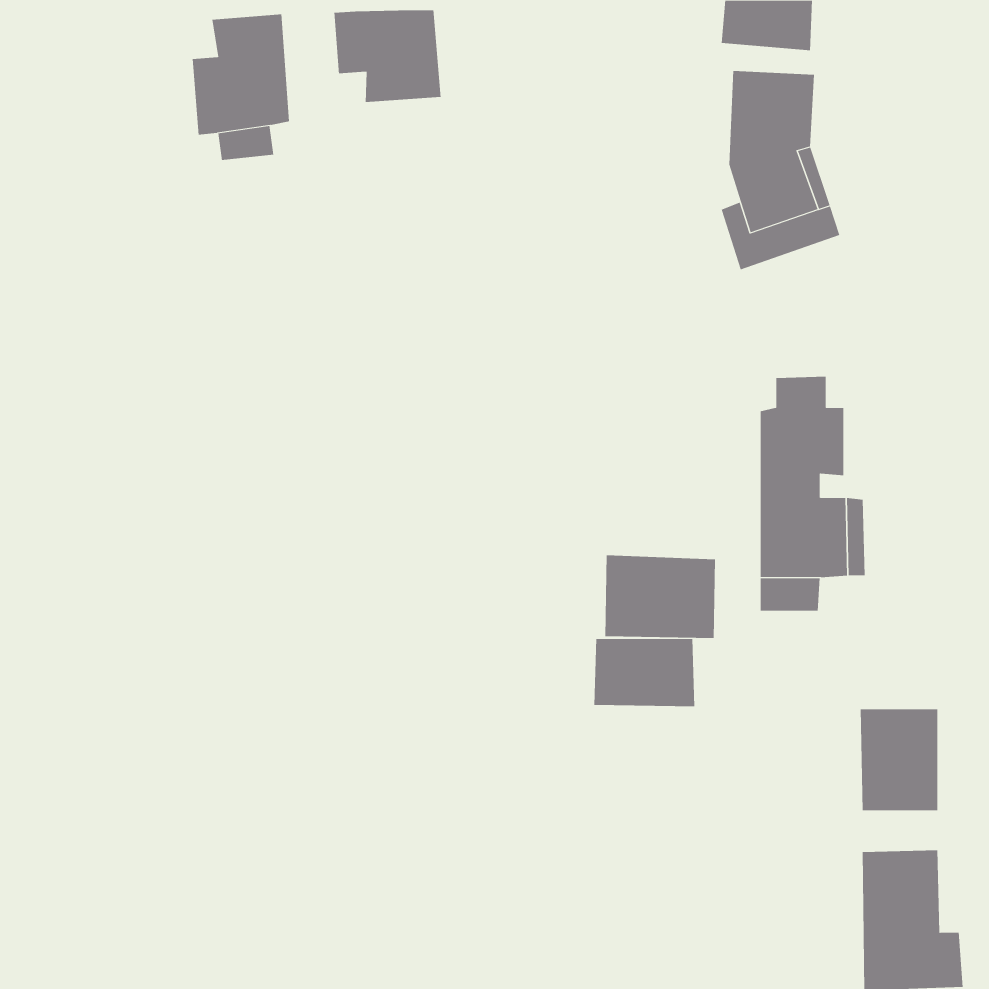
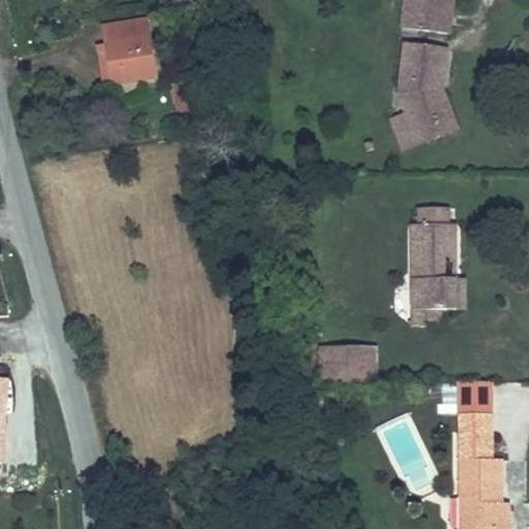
building: [334,10,441,103] -> none
building: [605,555,716,639] -> none
building: none -> [461,434,501,456]

